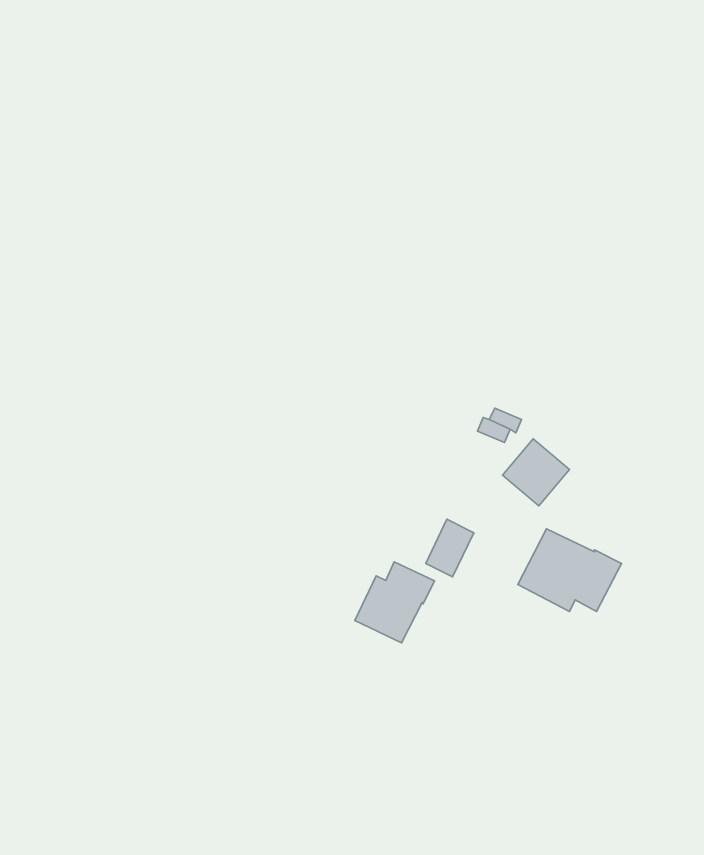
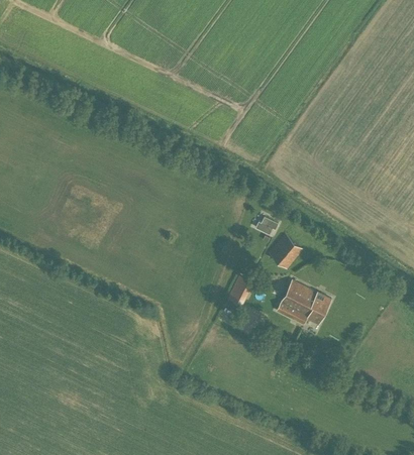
building: [355,562,434,643] -> none

